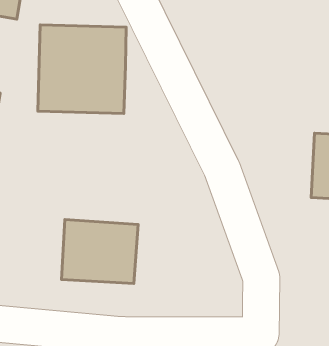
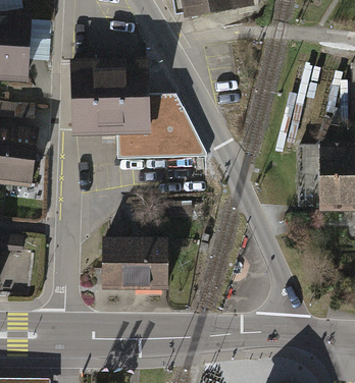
building: none -> [116,95,206,161]

